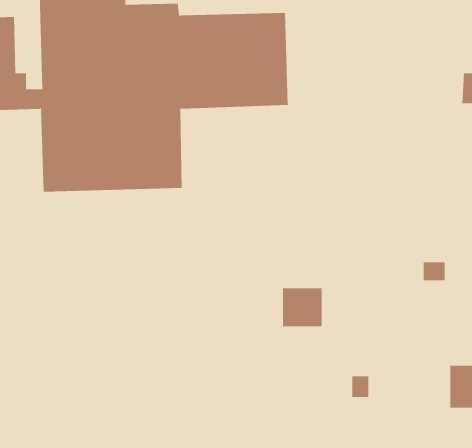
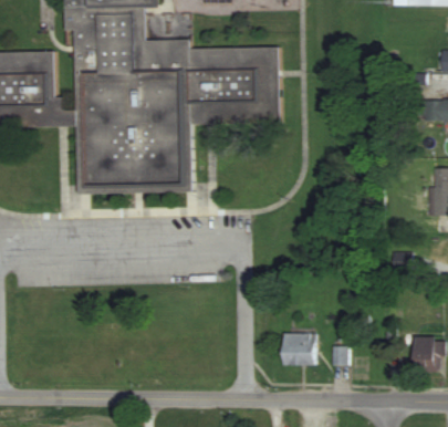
building: [282,288,322,327] -> [281,333,314,365]

